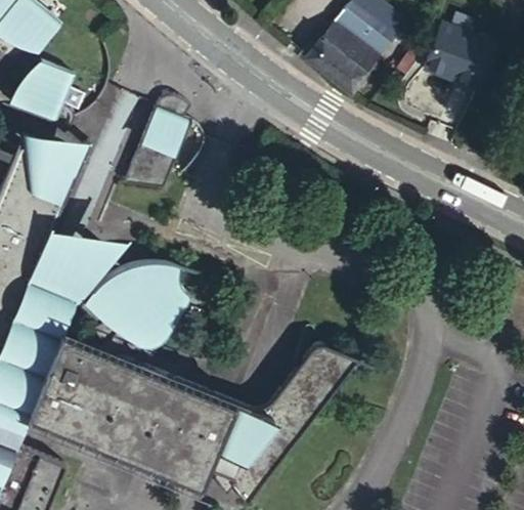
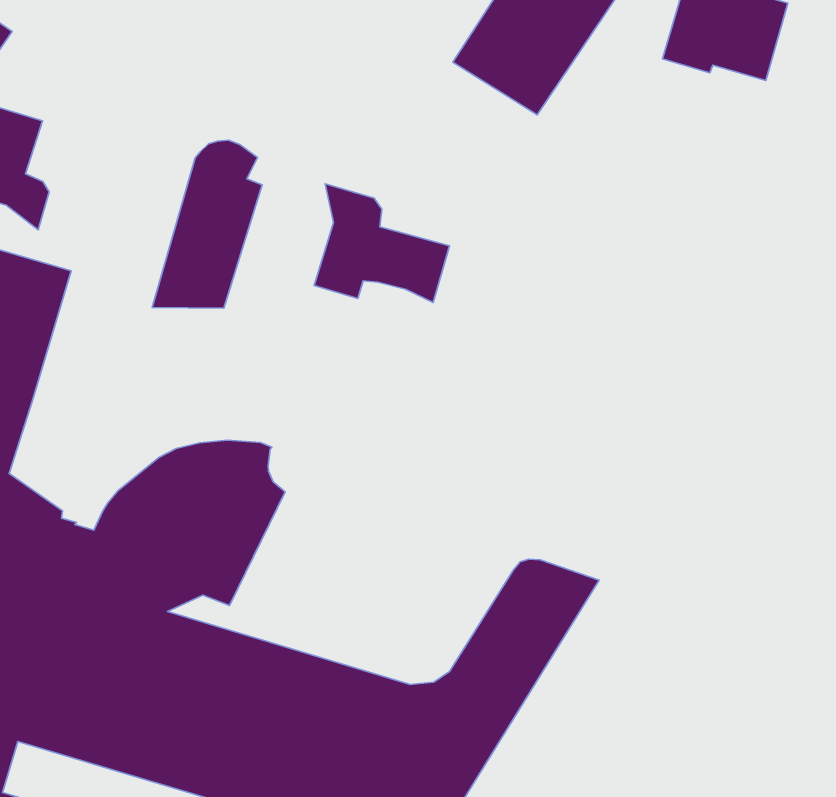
building: none -> [314,184,450,303]
building: [34,230,128,305] -> none

